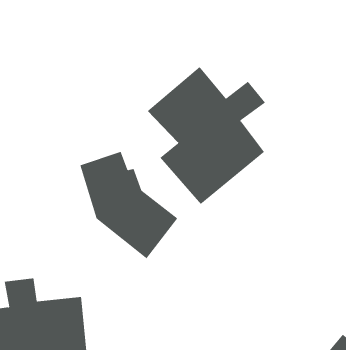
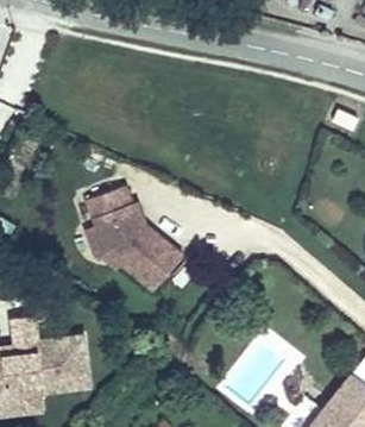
building: [147,66,266,205] -> none

